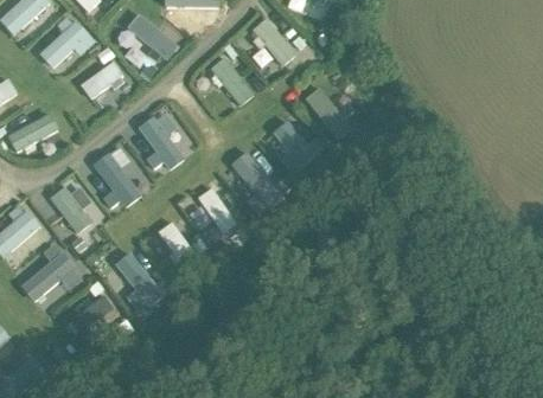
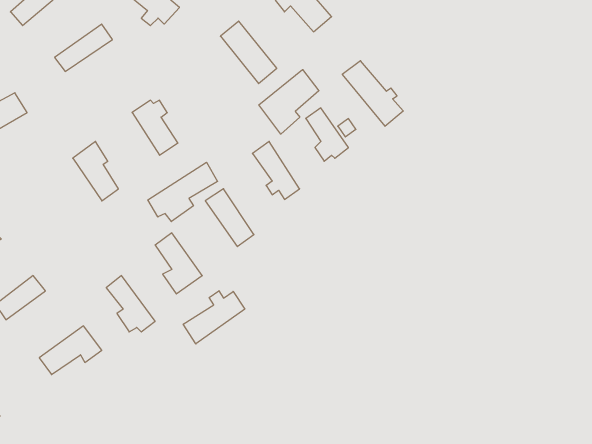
building: none -> [259,70,319,134]
building: none -> [148,162,218,222]
building: [50,186,92,233] -> none
building: none -> [183,291,245,344]

